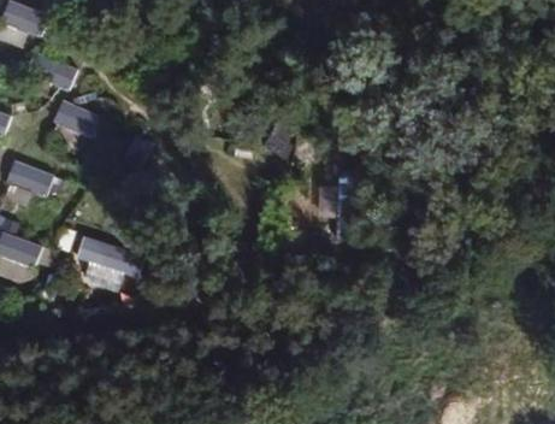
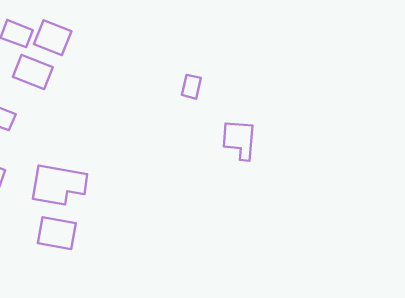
building: none -> [34,20,71,55]
building: none -> [38,217,76,249]

